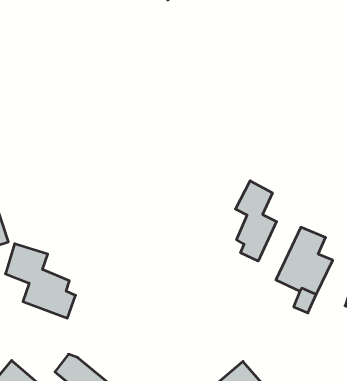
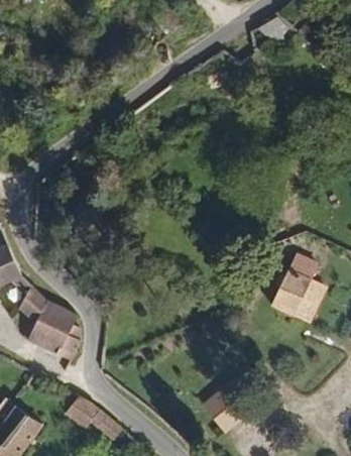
building: [235,181,277,261] -> none

